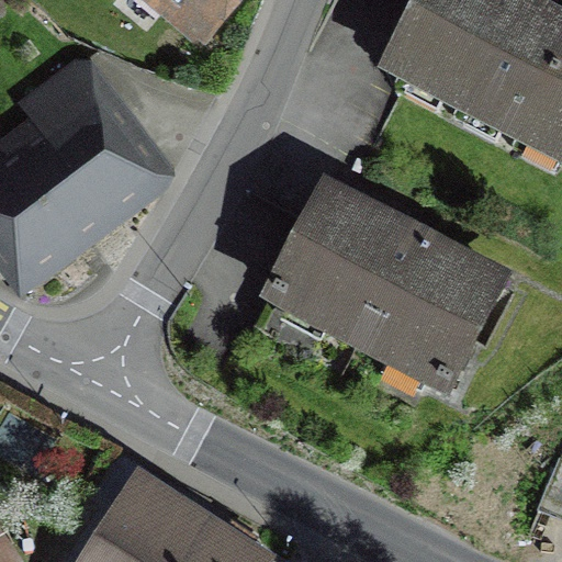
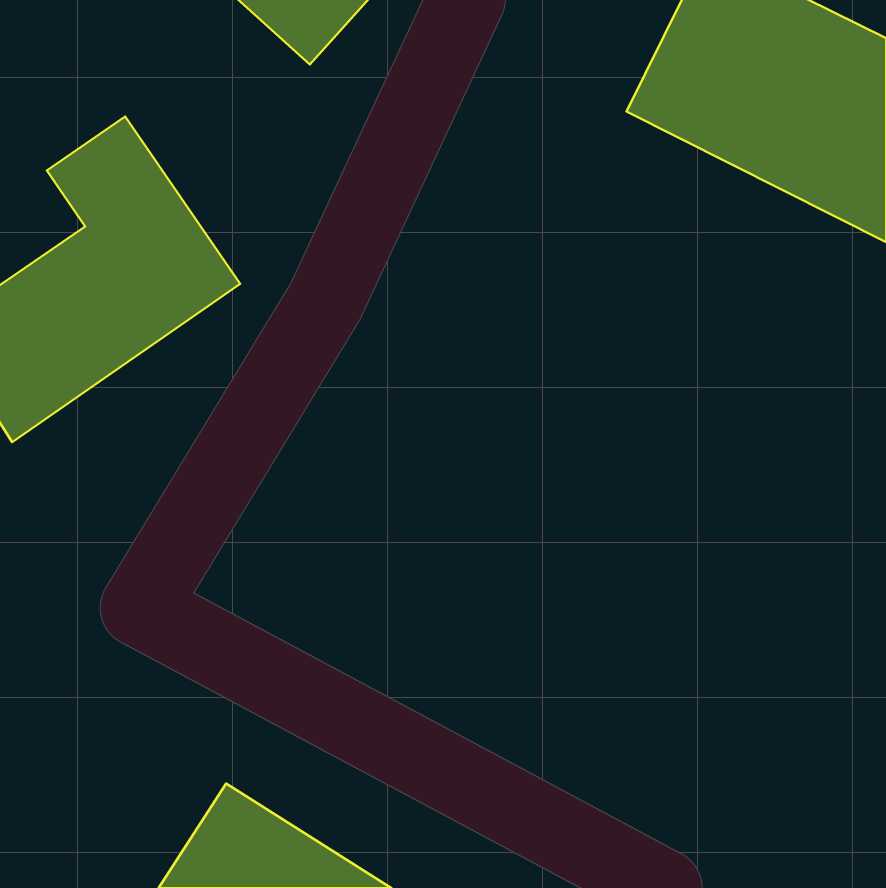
building: [276,202,505,392] -> none

